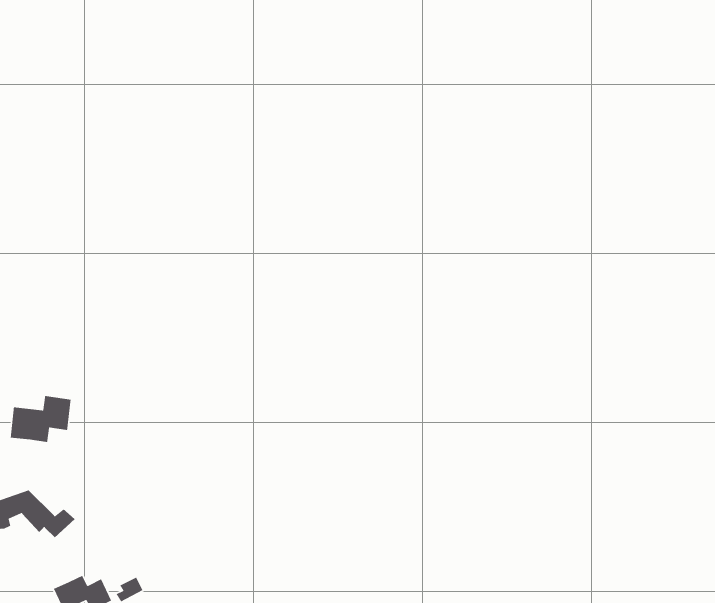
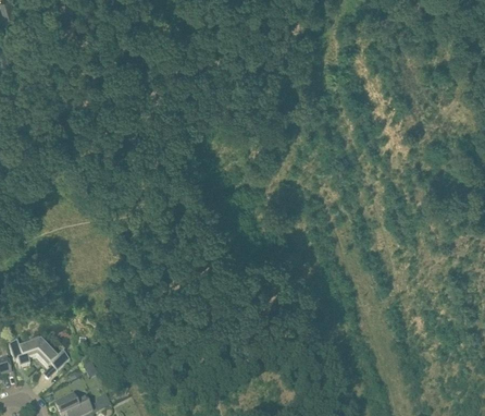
building: [10,395,72,443] -> none

